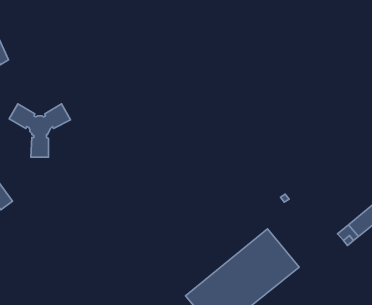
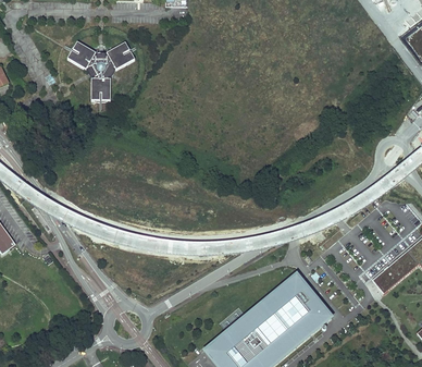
building: [9,104,70,157] -> [67,40,135,99]

